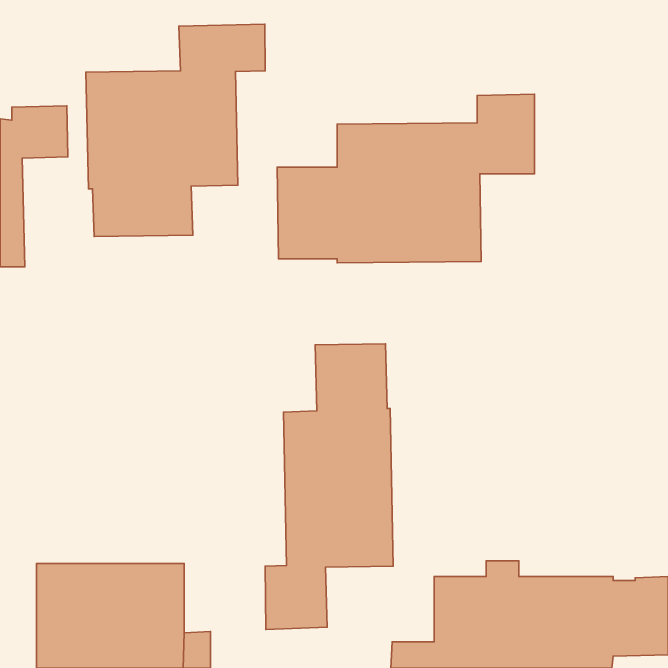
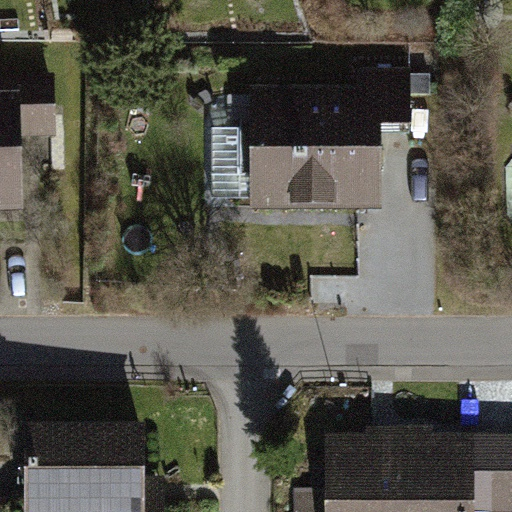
building: [86,24,265,237] -> none
building: [265,344,393,629] -> none

